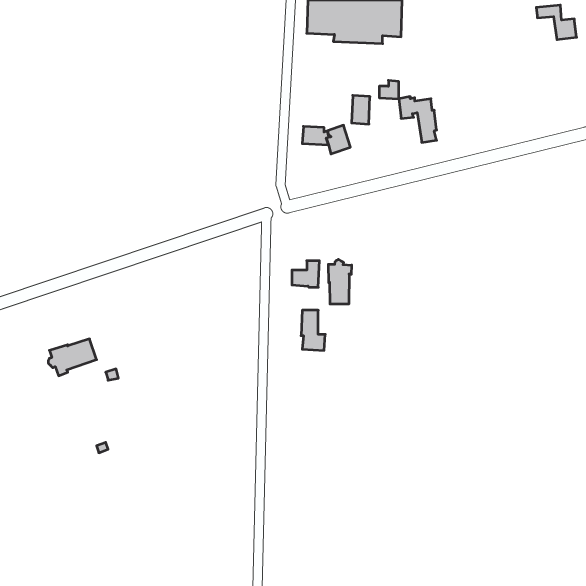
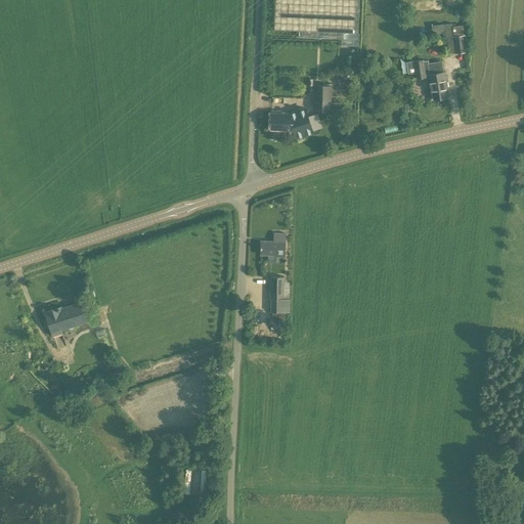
building: [536,5,577,40] -> [430,24,466,54]
building: [399,97,437,142] -> [412,59,446,100]
building: [328,259,352,304] -> none

